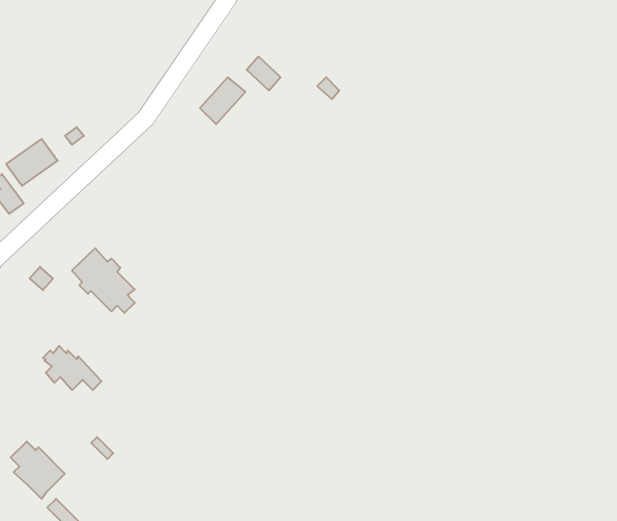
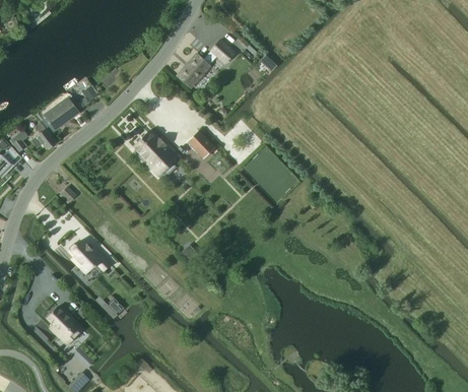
building: none -> [187,130,214,157]
building: [72,248,135,313] -> [133,130,177,175]

